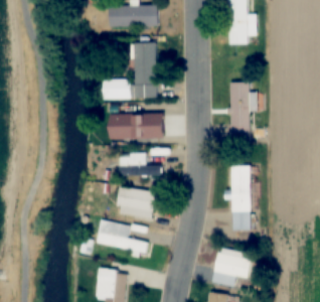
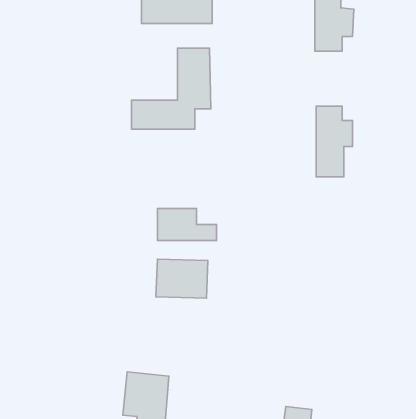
building: [111,112,159,137] -> none
building: [231,166,259,231] -> none
building: [97,219,148,253] -> none
building: [212,248,252,286] -> none

